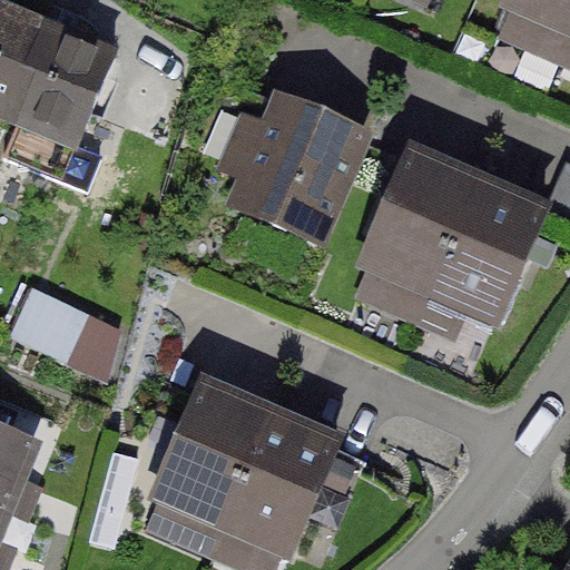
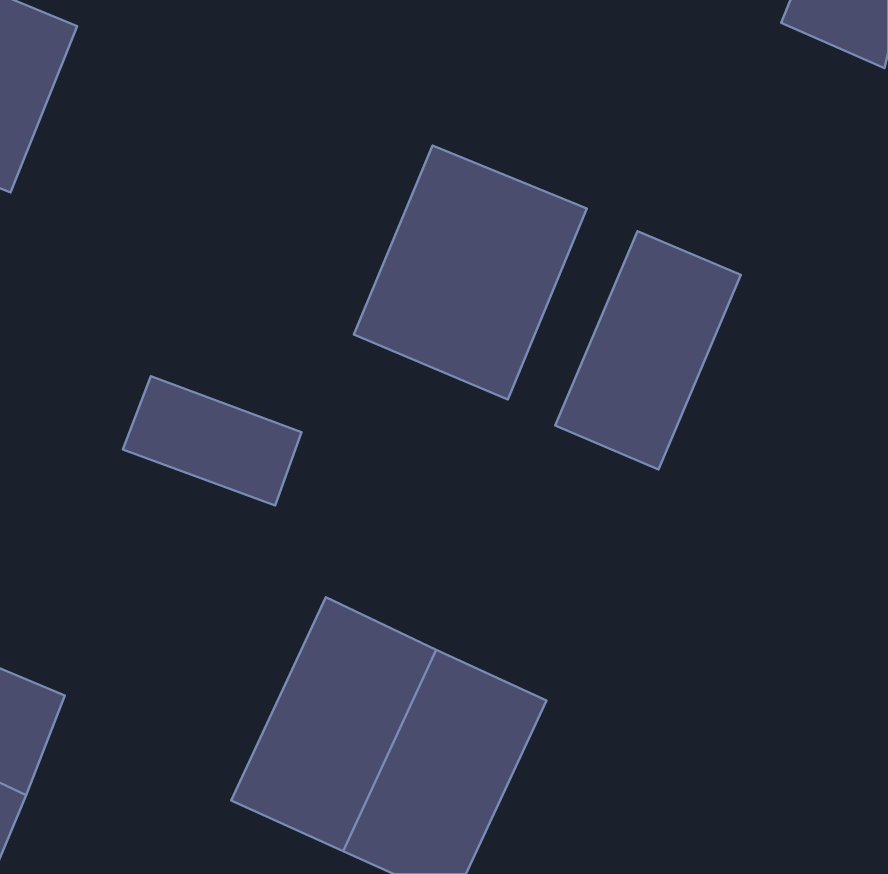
building: [7,17,106,146] -> none
building: [419,175,538,326] -> none
building: [13,277,127,360] -> [123,376,302,506]

